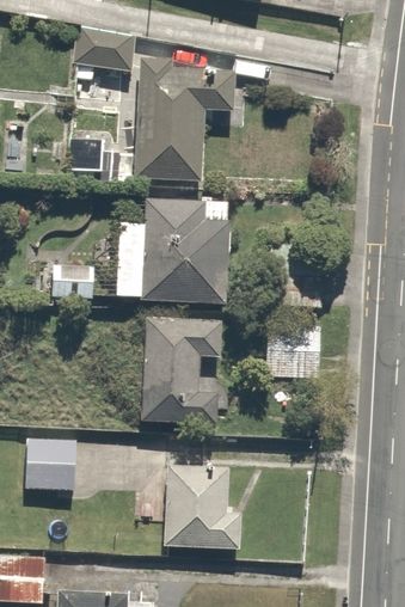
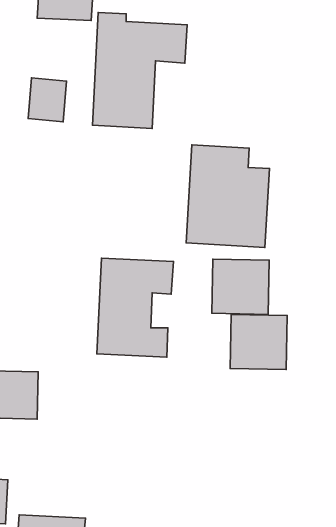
building: [141,197,229,306] -> [186,145,269,247]
building: none -> [230,314,287,370]
building: [162,465,241,551] -> none

